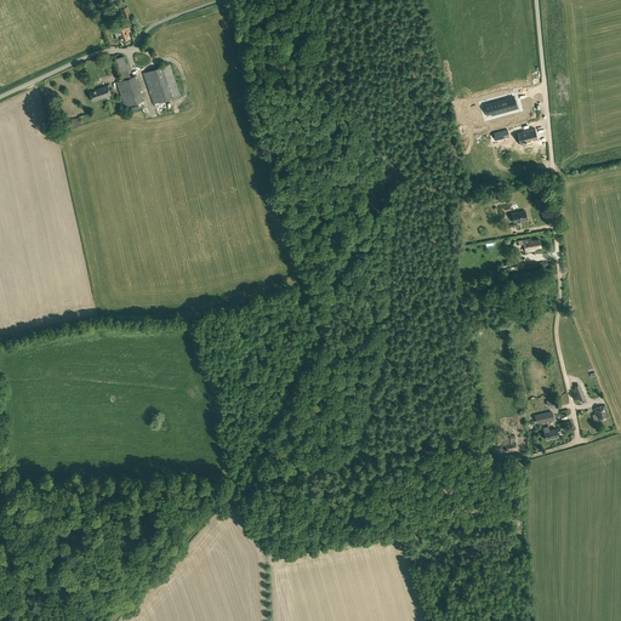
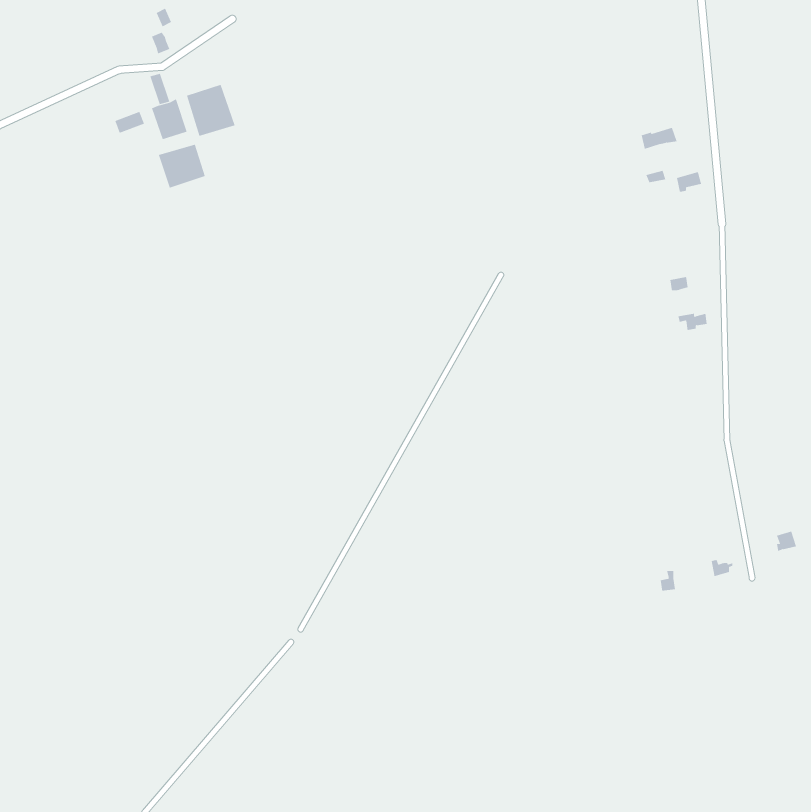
building: none -> [158,144,206,188]

